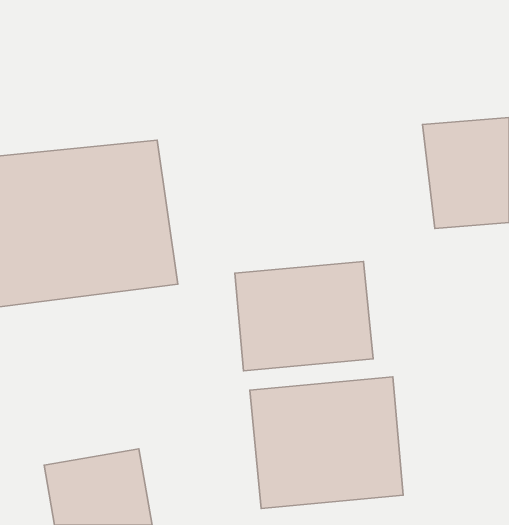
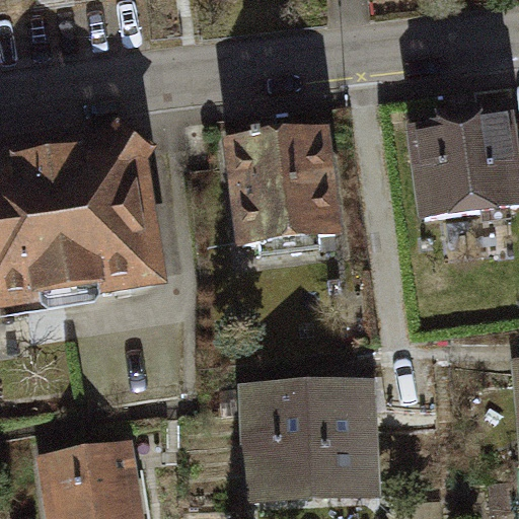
building: none -> [223,122,357,256]
building: [235,261,373,371] -> none

